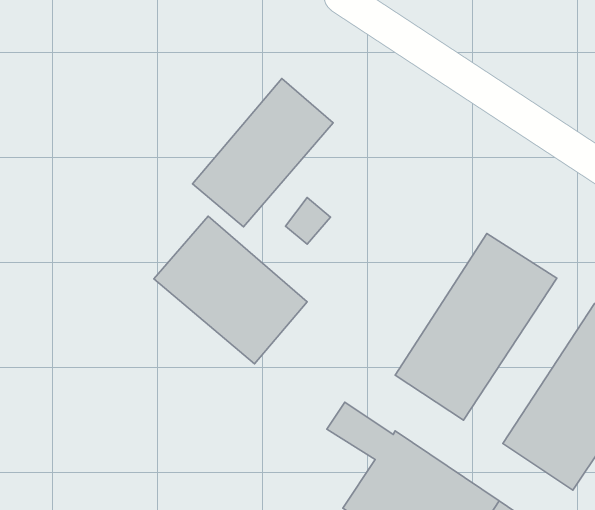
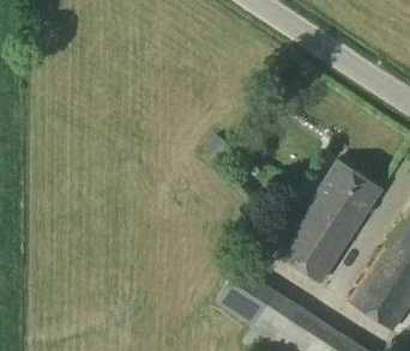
building: [192,78,333,227] -> none
building: [154,216,307,364] -> none

